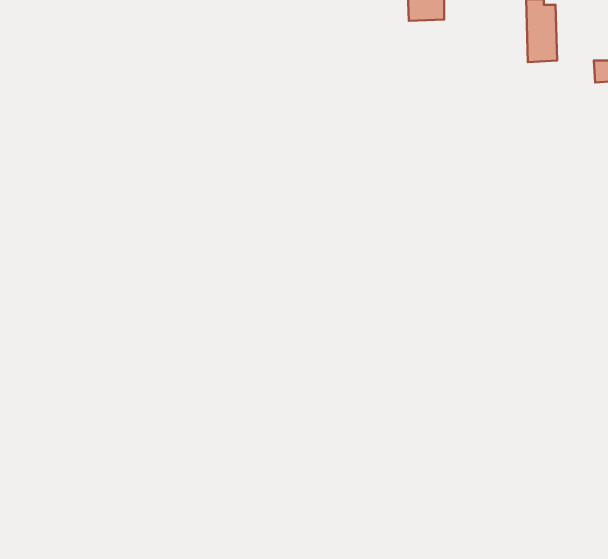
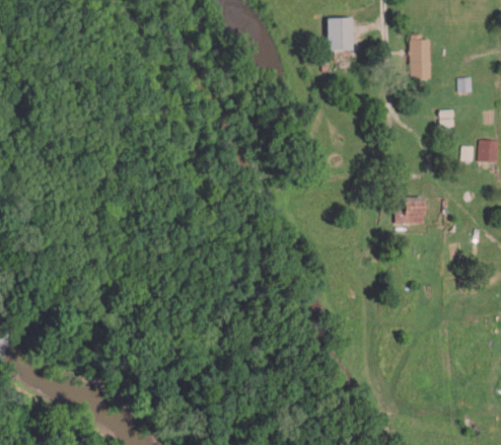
building: none -> [392,202,425,225]

